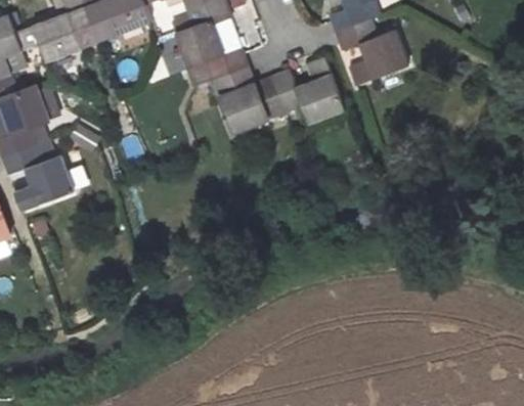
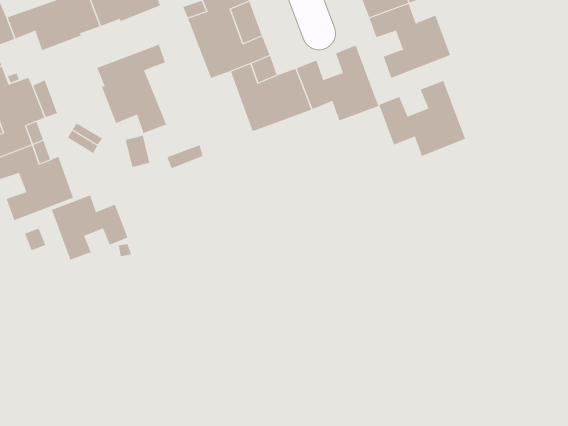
building: none -> [96,44,167,134]
building: none -> [379,80,466,157]
building: none -> [51,194,128,261]

